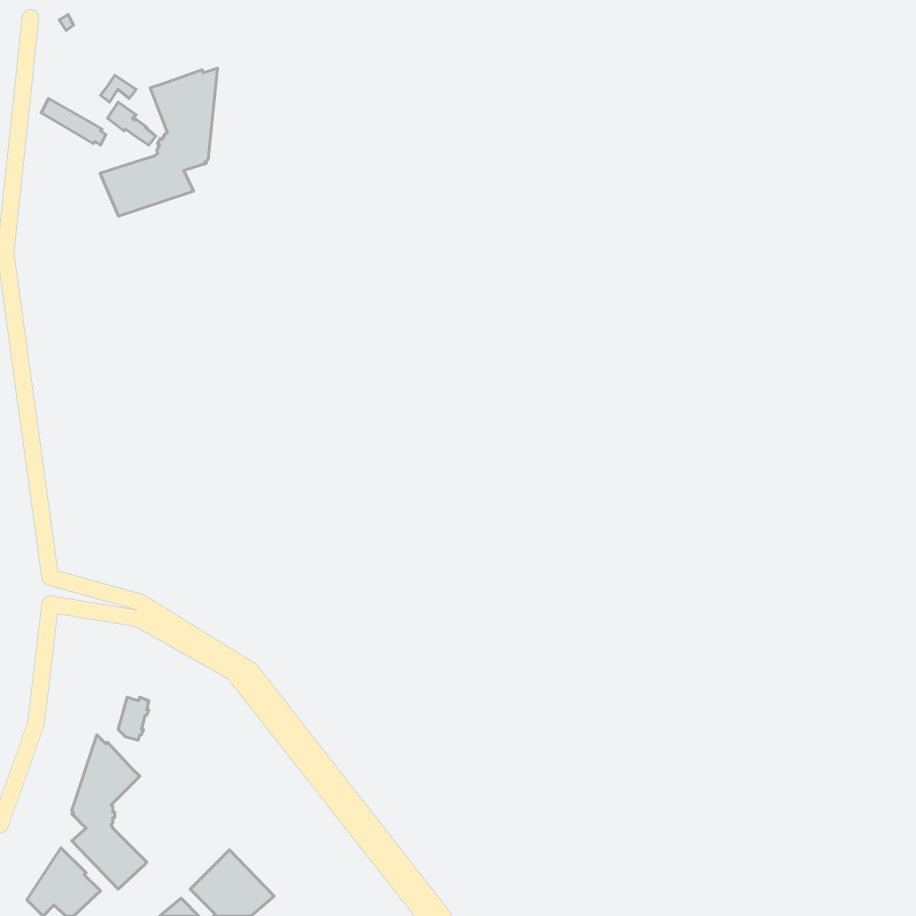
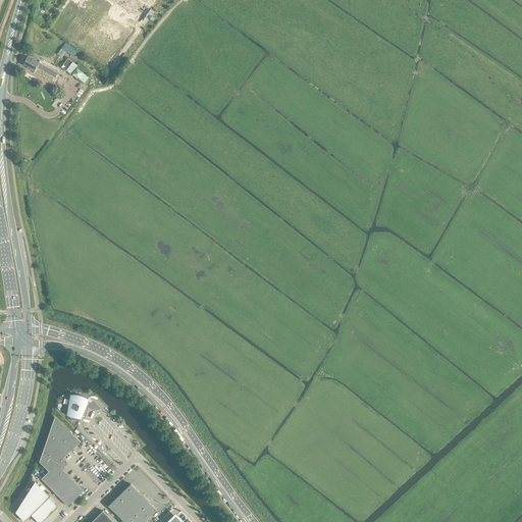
building: [100,68,218,216] -> none

